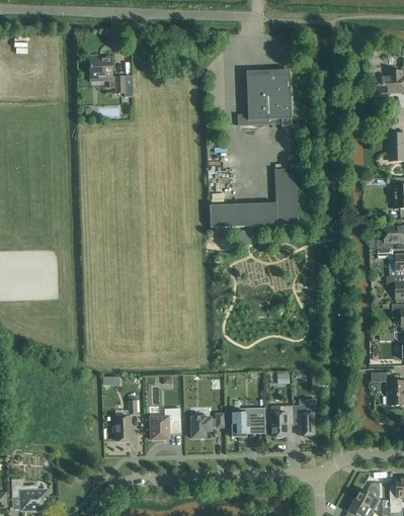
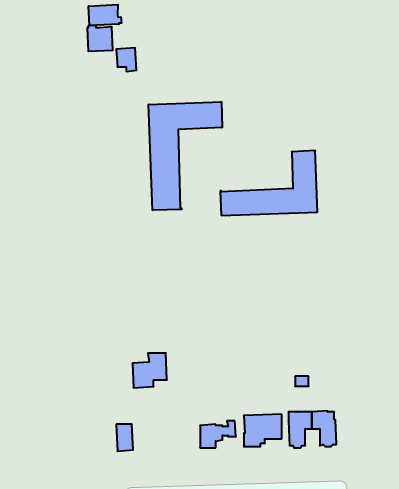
building: none -> [89,5,122,26]
building: [237,67,292,125] -> none
building: none -> [149,102,222,210]
building: [150,408,181,439] -> [132,353,167,388]

